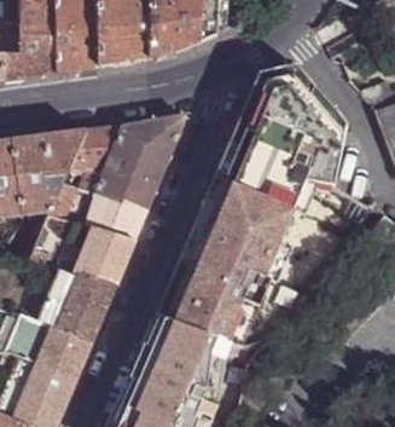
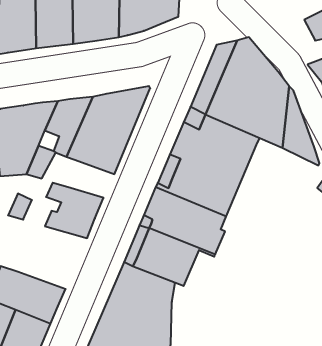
building: [95,197,147,240] -> none
building: [40,269,117,341] -> none

